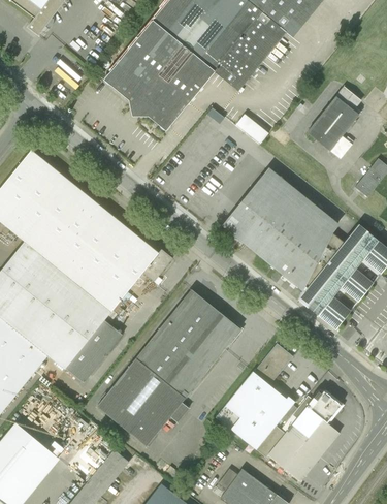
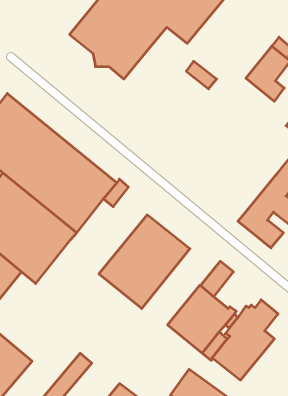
building: [221,166,342,290] -> none
building: [63,318,121,382] -> none
building: [97,357,190,446] -> none

